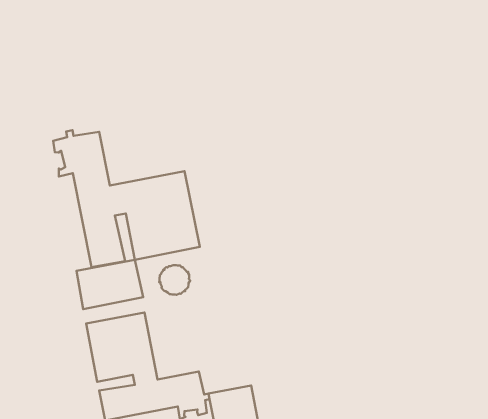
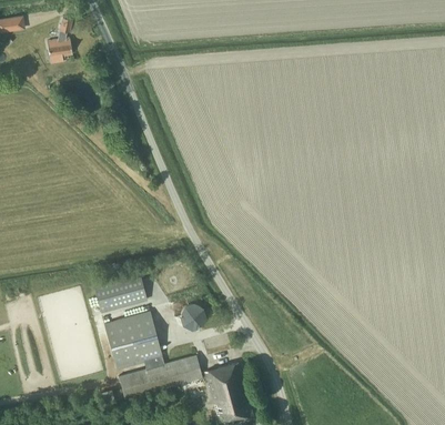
building: [53,130,200,267] -> none
building: [159,265,190,295] -> [180,304,204,327]

